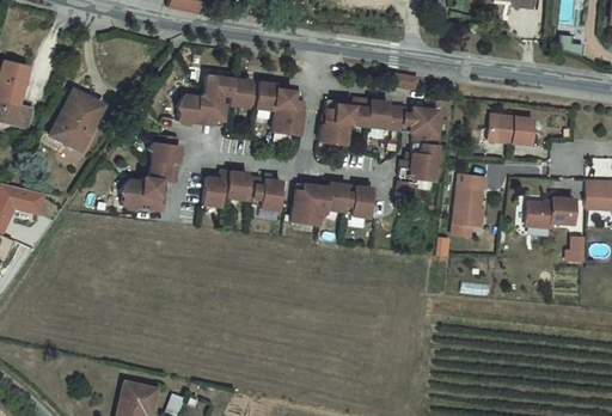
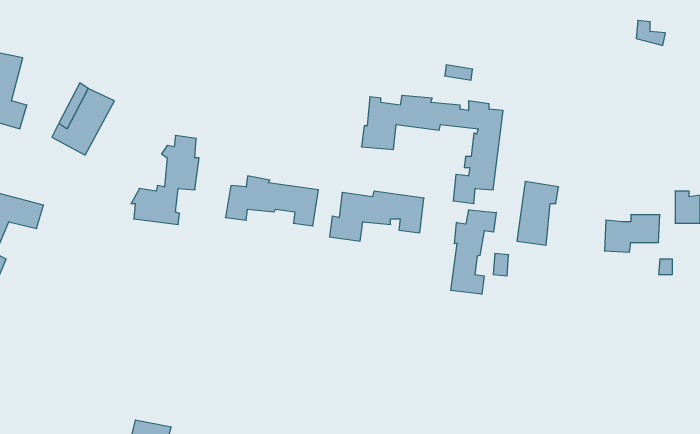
building: [176,77,302,133] -> none
building: [495,120,537,149] -> none
building: none -> [451,210,496,294]

